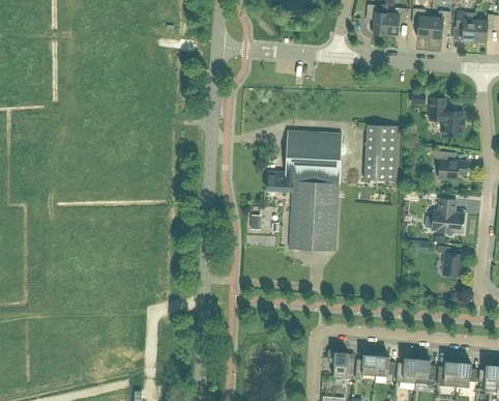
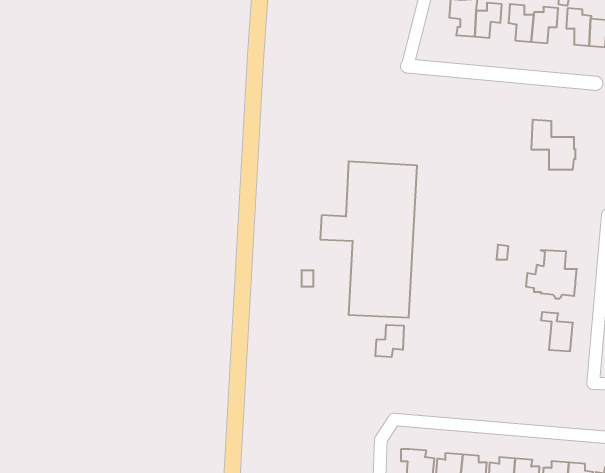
building: [363,124,399,180] -> none
building: [429,150,467,179] -> none
building: none -> [376,325,404,357]

